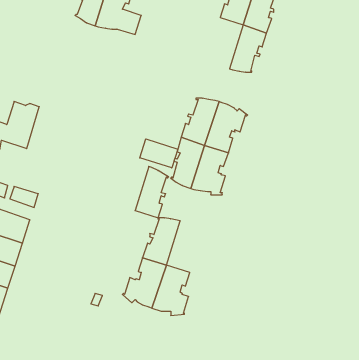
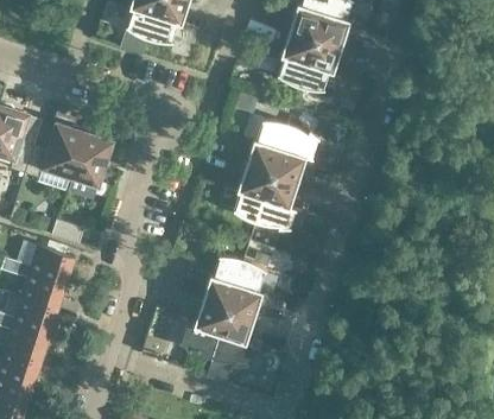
building: none -> [253,30,315,88]
building: none -> [70,131,112,186]
building: [140,139,178,168] -> none
building: [135,166,169,218] -> [228,260,266,318]

